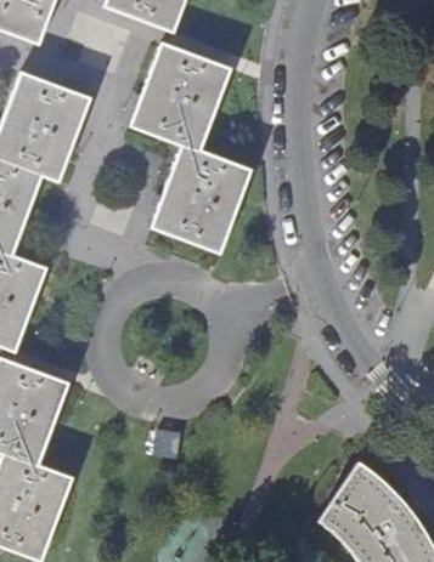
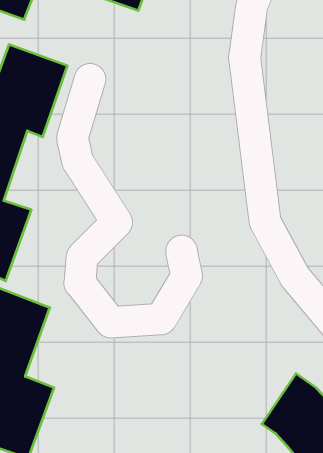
building: [129,42,250,254] -> none

